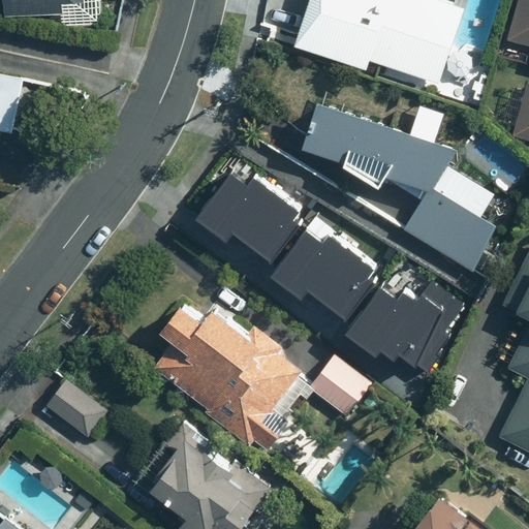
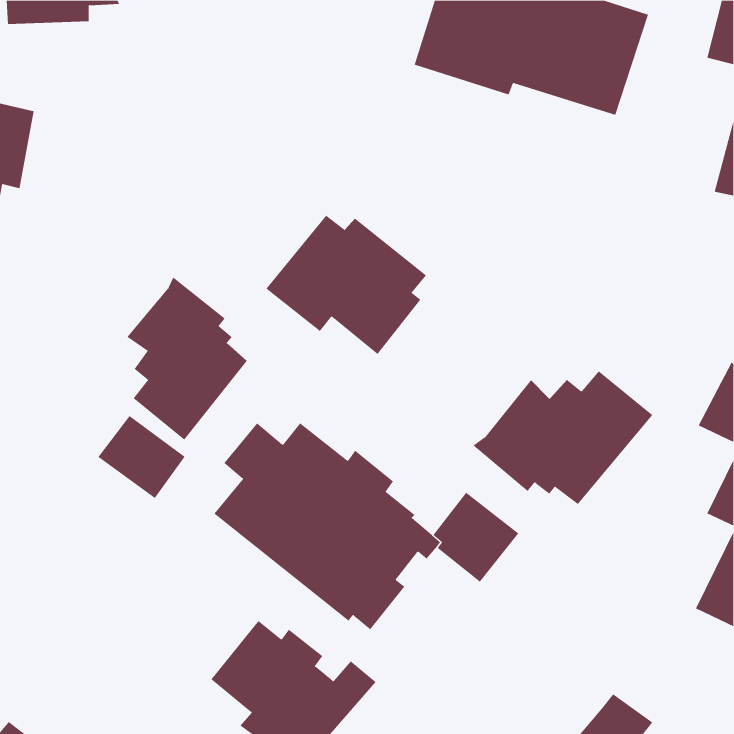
building: [299,102,496,275] -> none
building: none -> [126,276,248,440]
building: [266,213,380,315] -> none
building: [46,380,110,440] -> [97,415,185,499]

